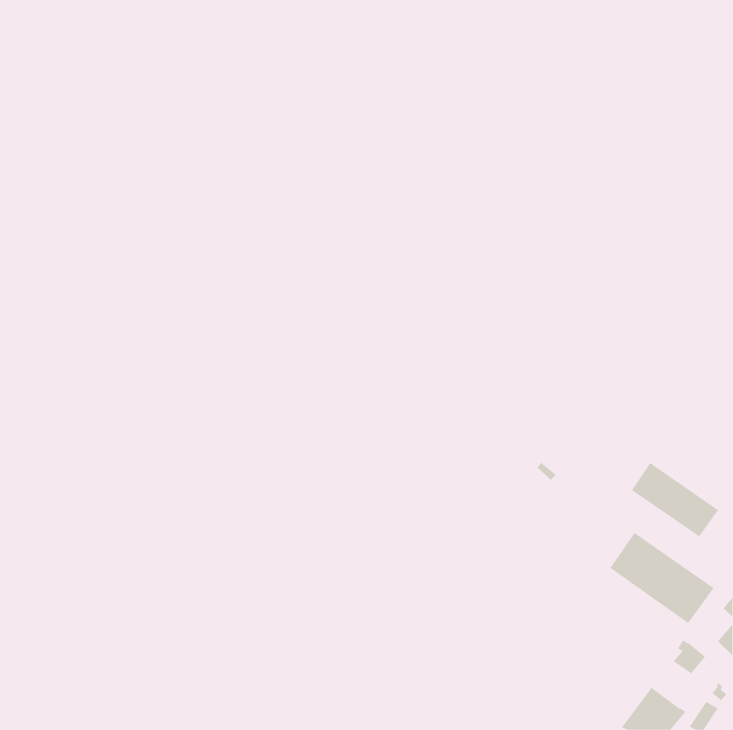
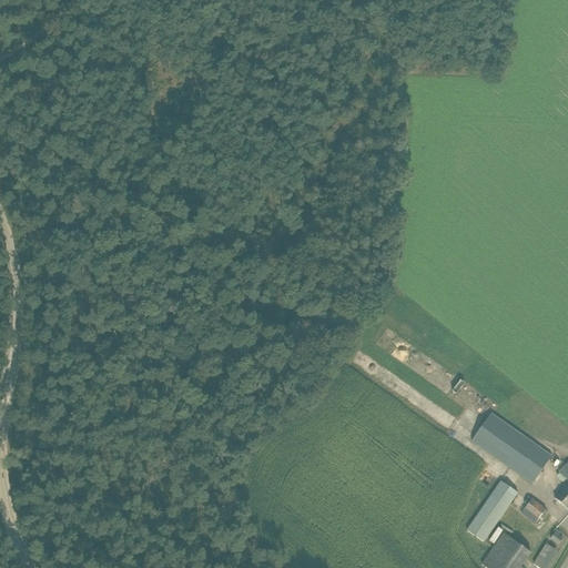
building: [631,462,719,537] -> none
building: none -> [466,479,518,541]

